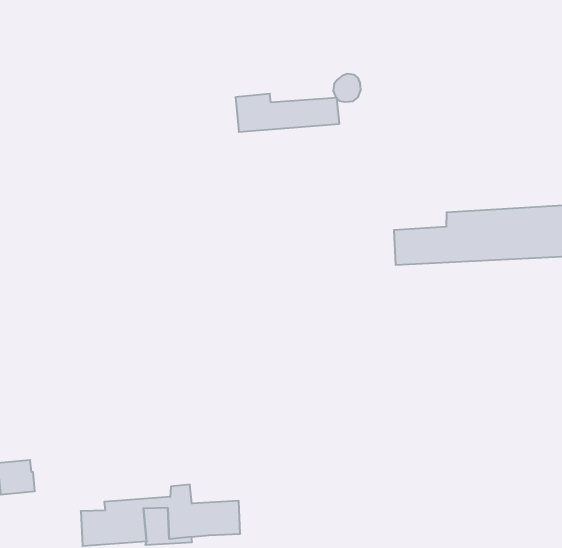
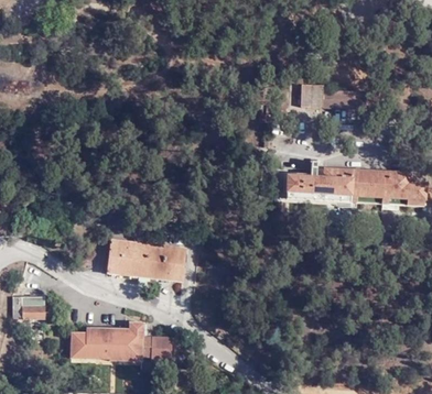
building: [235,94,339,132] -> [299,84,363,107]
building: none -> [108,239,185,280]

